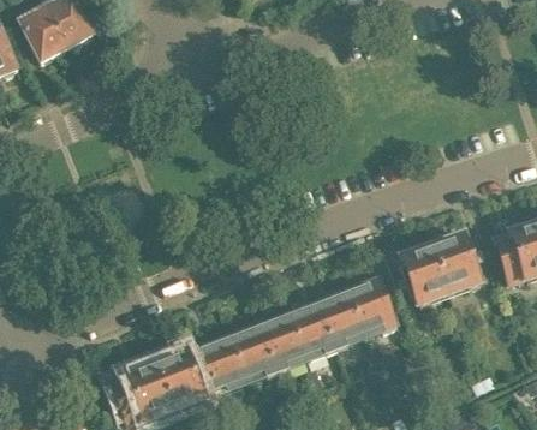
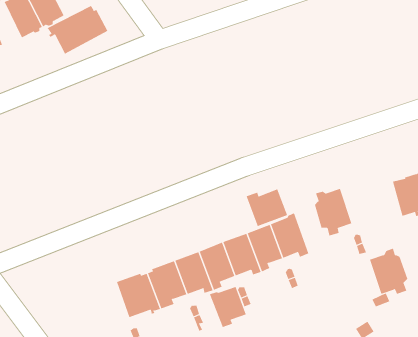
building: none -> [47,5,108,54]
building: [432,232,481,289] -> [369,248,408,295]
building: none -> [246,188,288,227]
building: [112,362,172,423] -> none
building: none -> [209,286,246,328]

